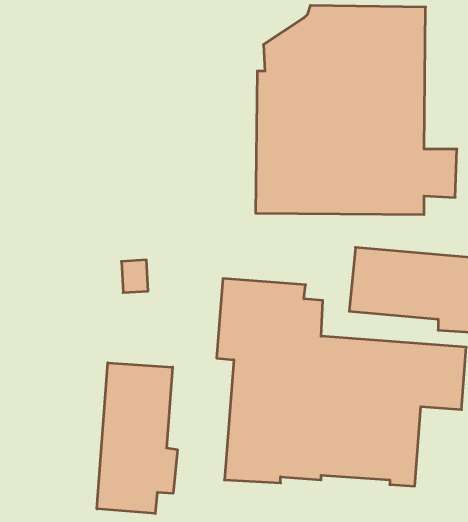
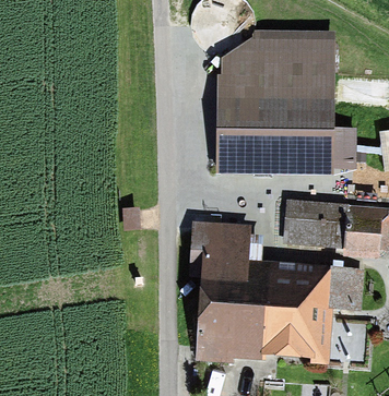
building: [97,363,177,514] -> none

